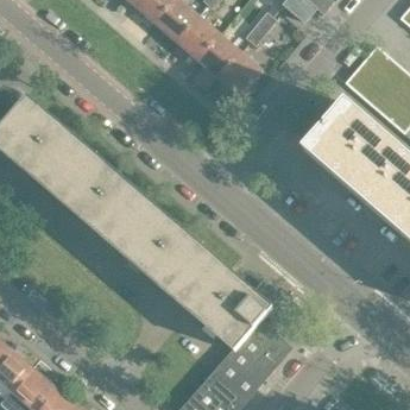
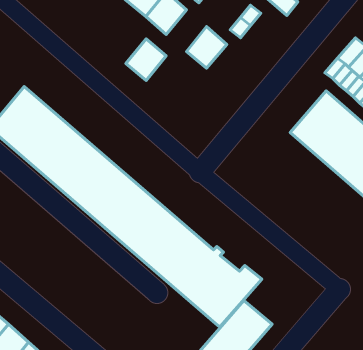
building: [177,17,220,61] -> [126,39,166,81]
building: [220,53,263,97] -> none

